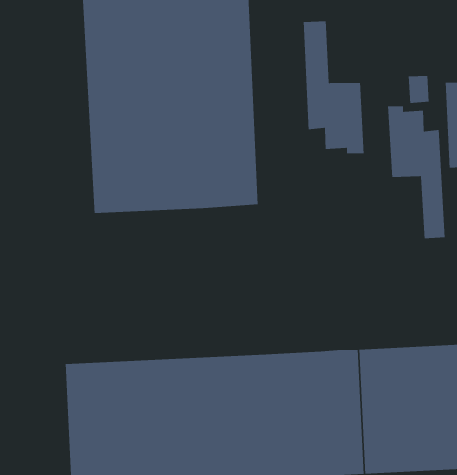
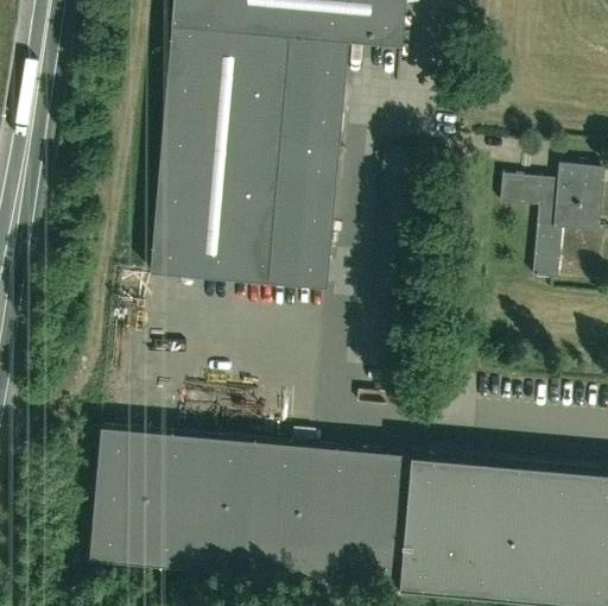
building: [303,20,365,154] -> none
building: [387,105,446,239] -> none

